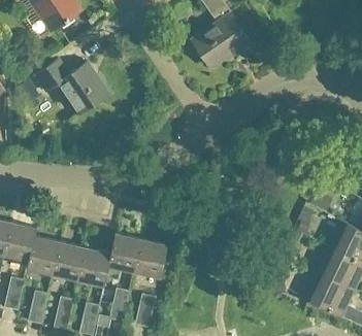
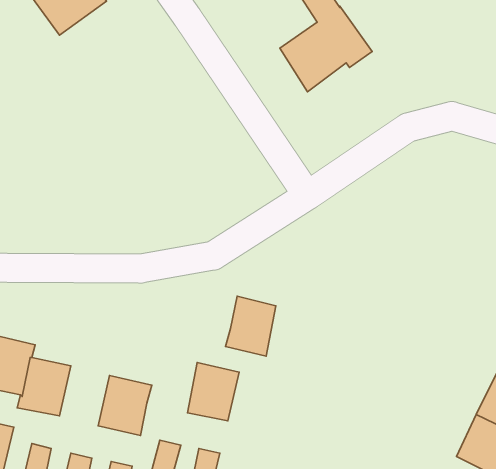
building: [35,59,108,112] -> none
building: [108,233,140,271] -> [226,296,276,356]
building: [53,241,85,279] -> none

